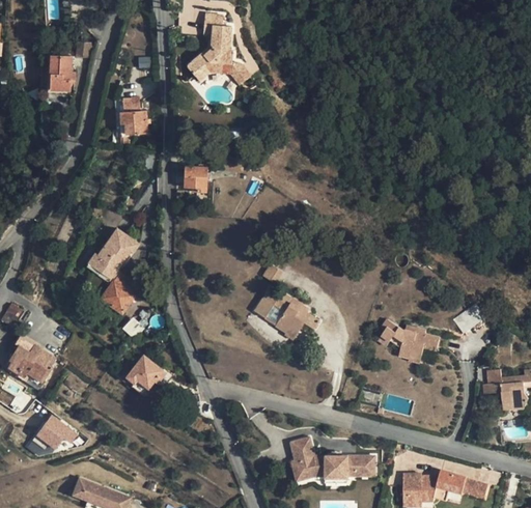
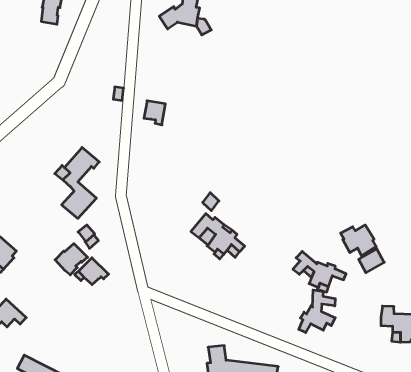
building: [123,98,146,134] -> none
building: none -> [341,225,376,256]
building: none -> [55,244,88,275]
building: none -> [299,290,335,333]

